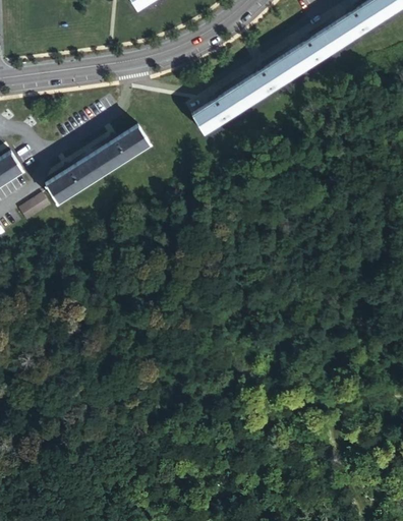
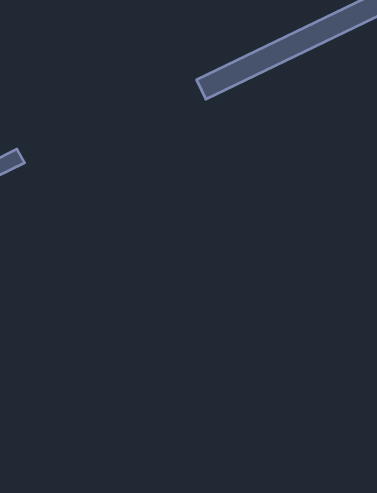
building: [46,126,148,201] -> none

